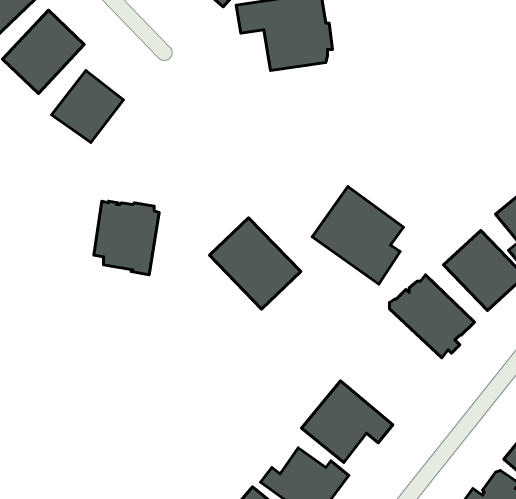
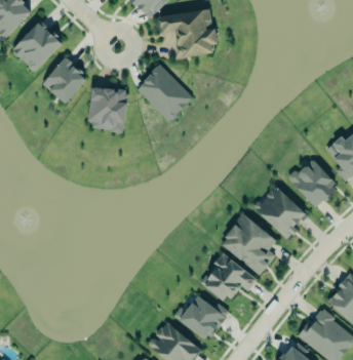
building: [312,186,403,284] -> [219,213,276,275]
building: [94,201,159,275] -> [87,86,128,132]
building: [209,218,301,309] -> [134,65,192,122]

